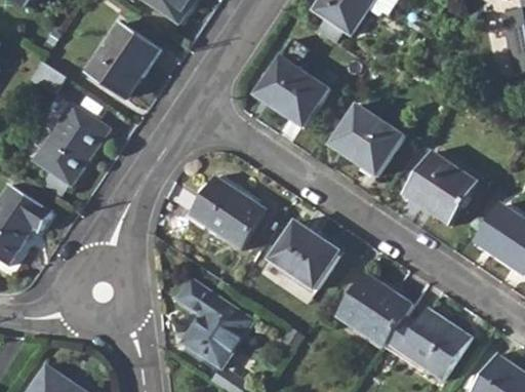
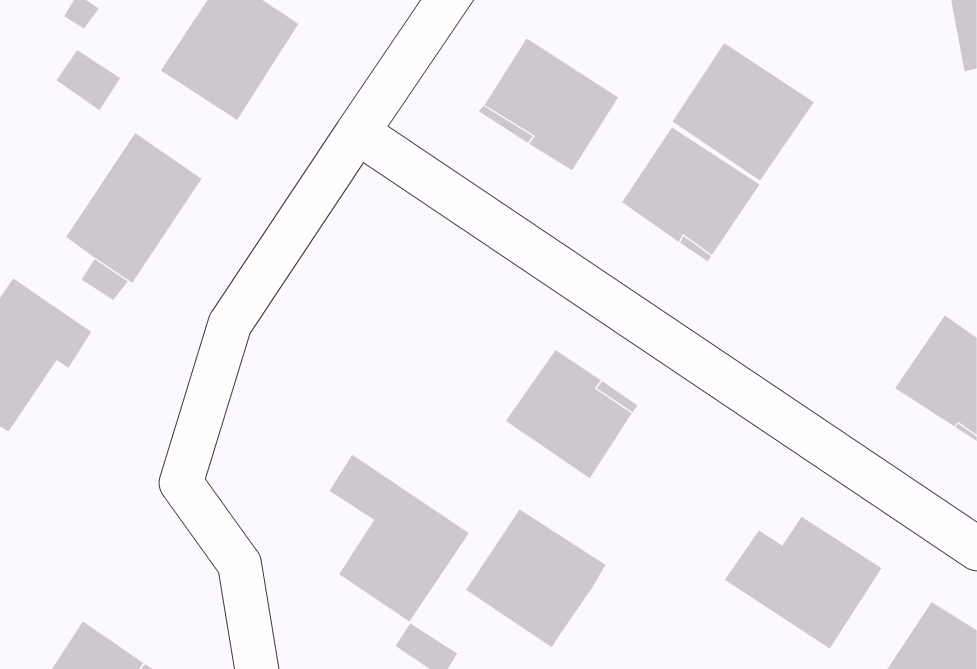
building: [403,150,479,224] -> [671,42,815,182]
building: [189,177,266,249] -> none
building: [335,274,410,348] -> [465,509,606,648]

